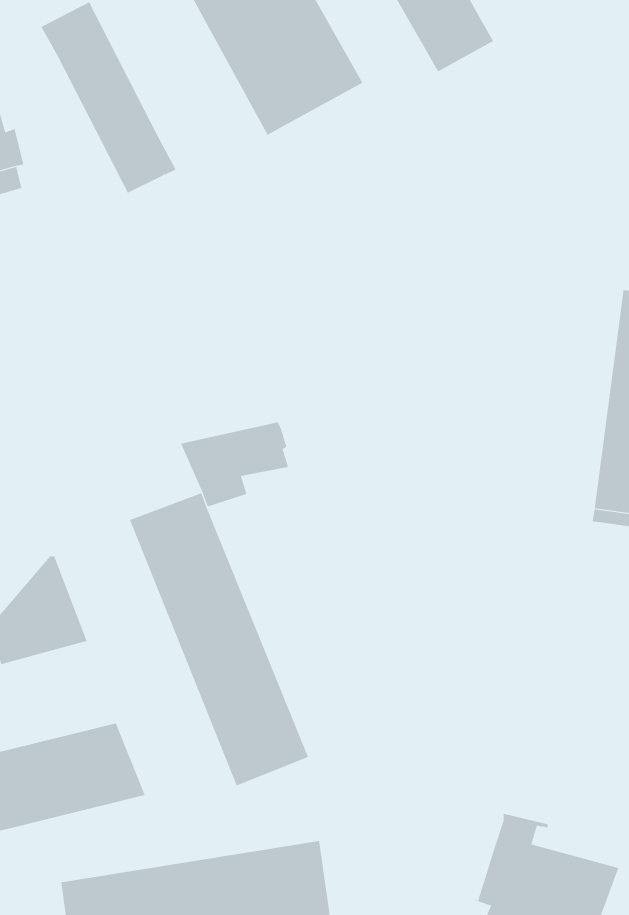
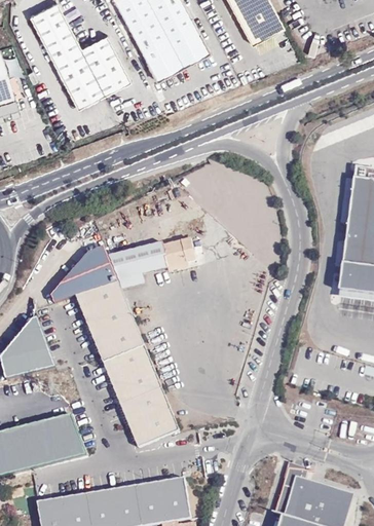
building: none -> [78,35,130,98]
building: none -> [163,237,196,269]
building: none -> [50,247,118,302]

